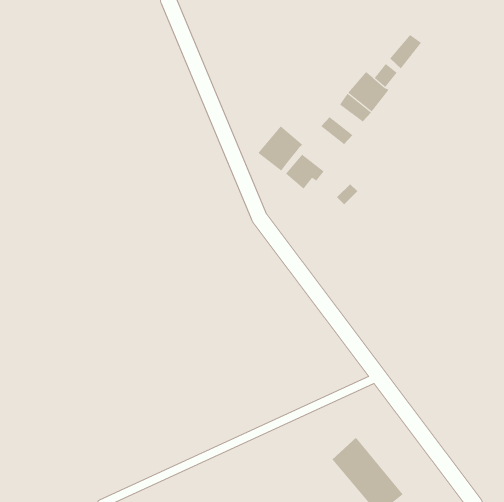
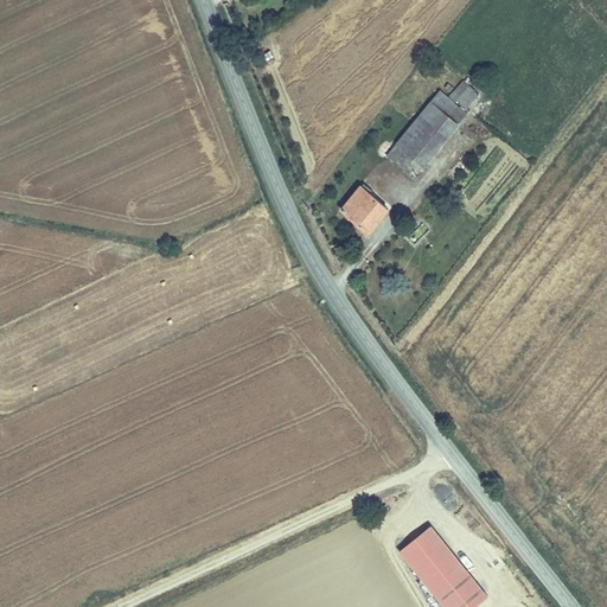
building: [389,34,422,69] -> none
building: none -> [396,128,436,165]
building: [258,126,303,171] -> none

